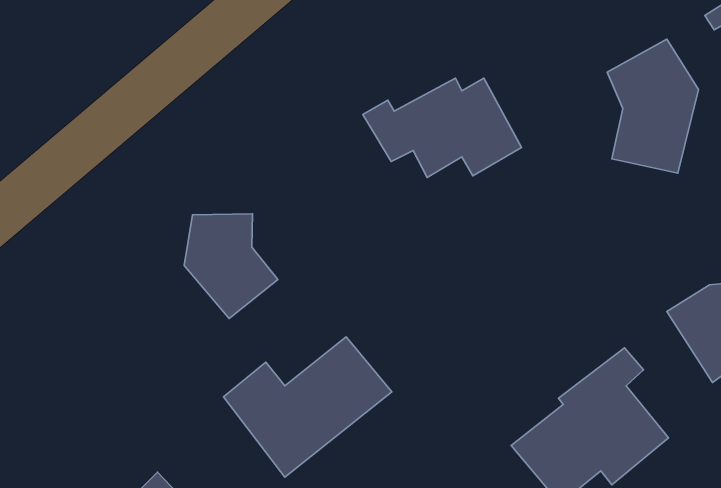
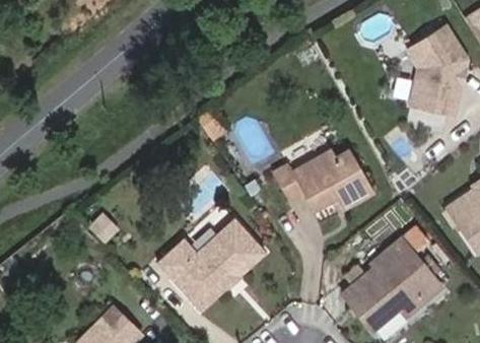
building: [363,78,522,177] -> [271,146,373,210]
building: [184,214,278,318] -> none

